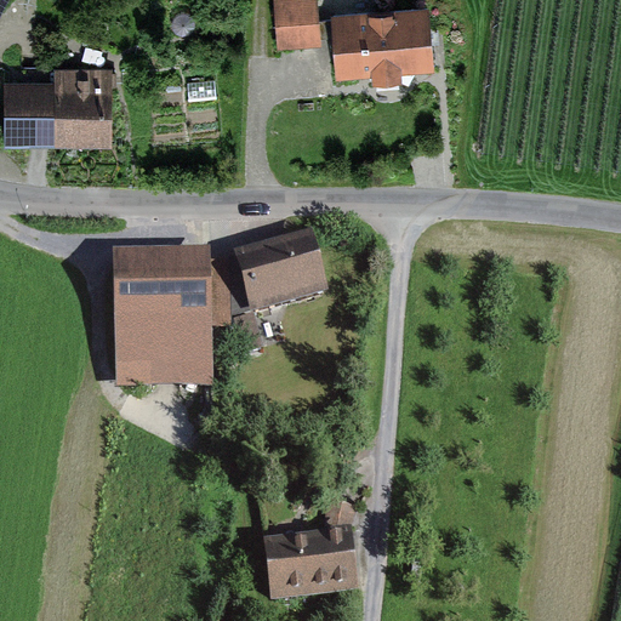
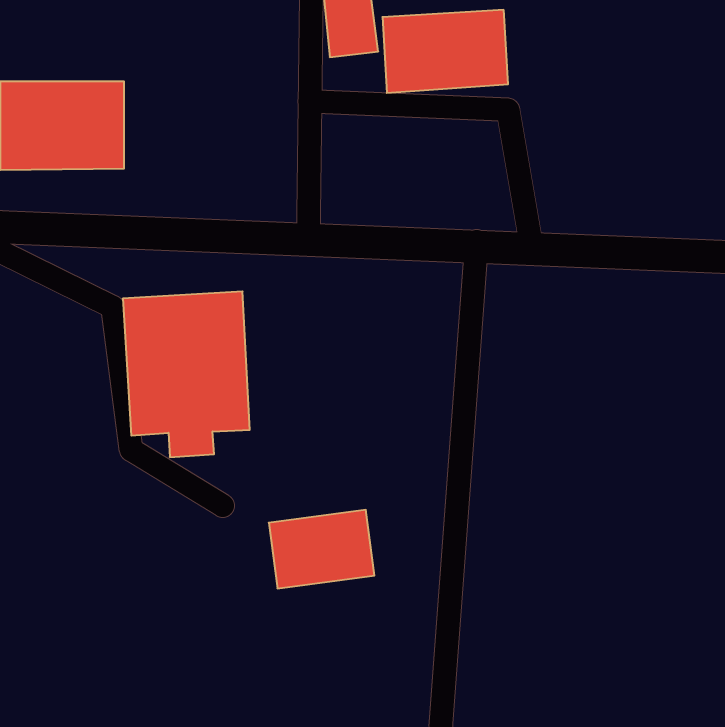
building: [218,232,329,351] -> none
building: [262,531,352,598] -> [269,510,374,588]

